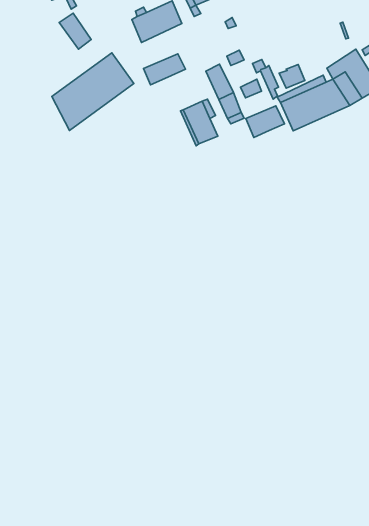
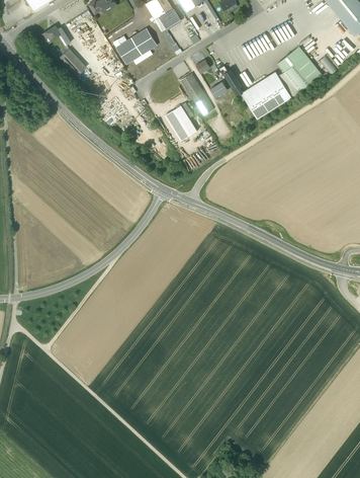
building: [52,53,134,130] -> none
building: [144,54,186,85] -> none
building: [246,106,285,137] -> none

